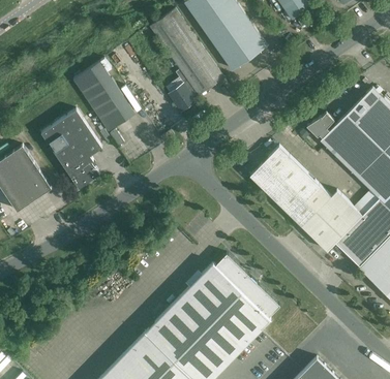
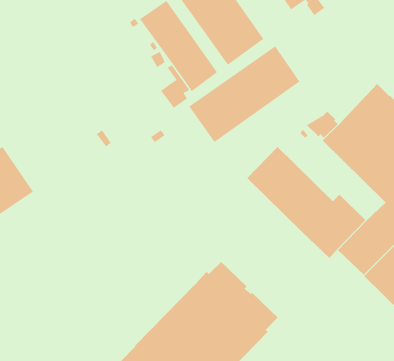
building: none -> [189,45,300,143]
building: [72,61,134,131] -> none
building: [40,109,101,188] -> none

